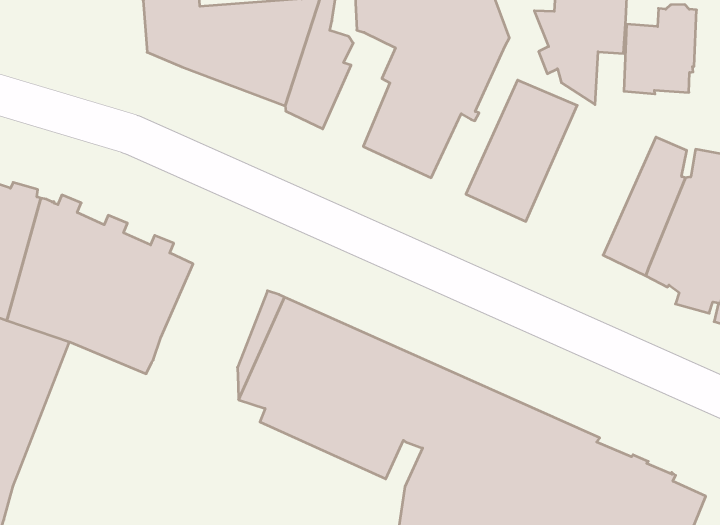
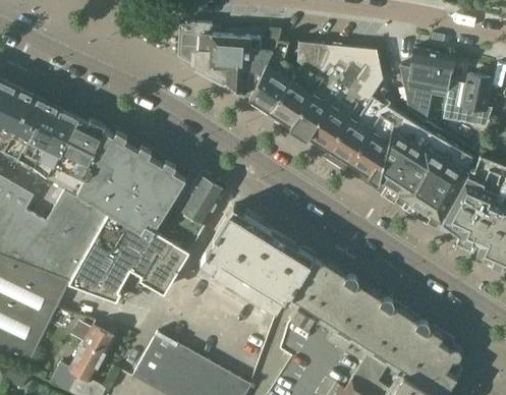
building: none -> [270,64,318,128]
building: none -> [327,83,388,164]
building: none -> [377,123,457,210]
building: none -> [69,173,225,300]

